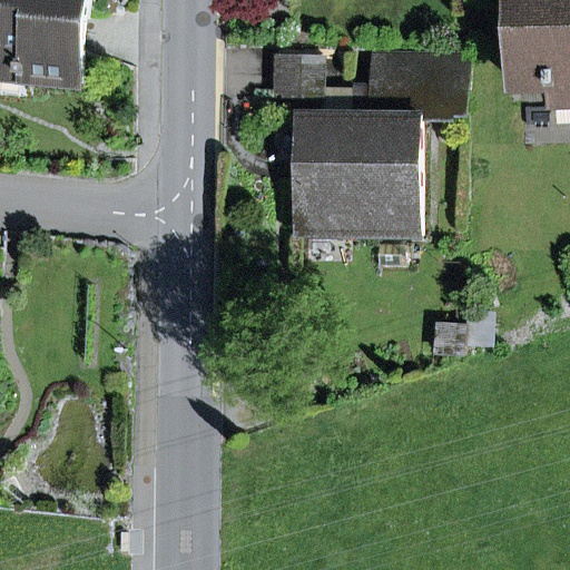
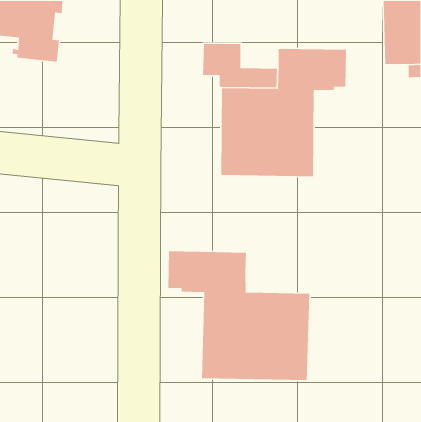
building: none -> [168,250,310,381]

